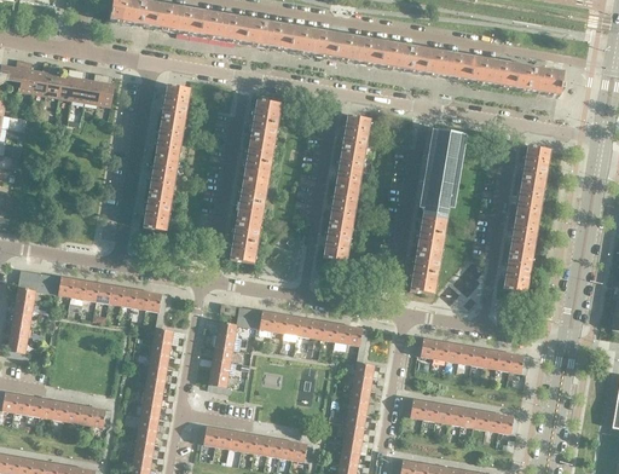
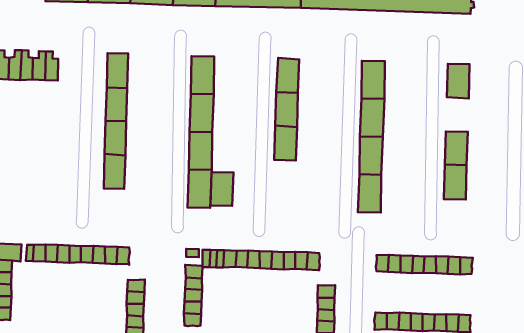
building: [515,180,544,220] -> none
building: [323,221,352,260] -> [211,172,233,206]

